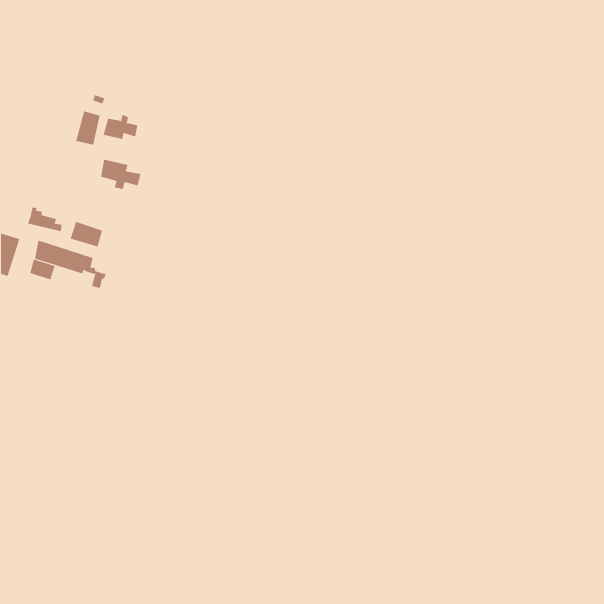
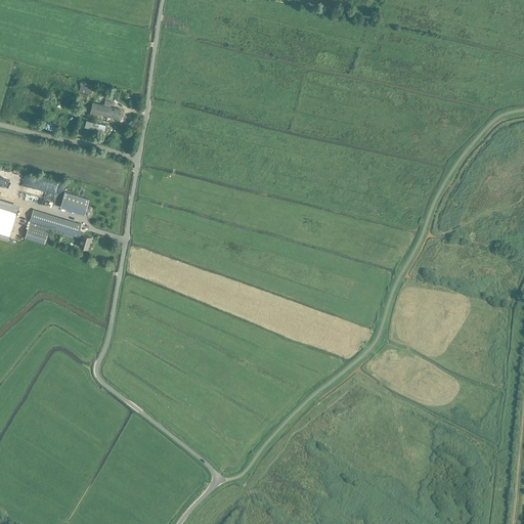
building: [75,111,100,146] -> none
building: [100,159,141,189] -> none

